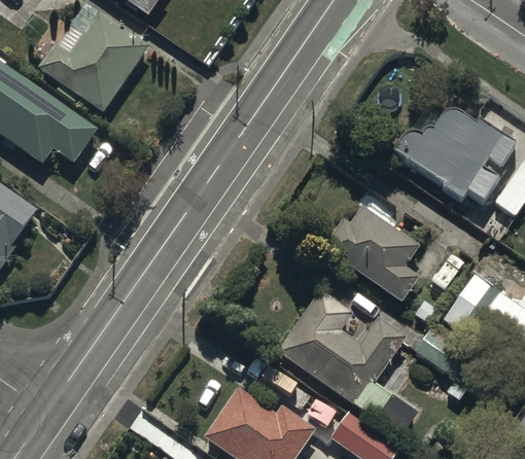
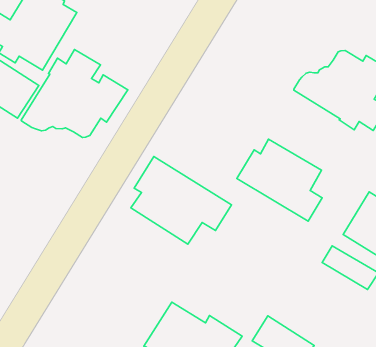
building: none -> [21,50,128,137]
building: none -> [131,156,231,244]
building: [277,289,417,436] -> none

